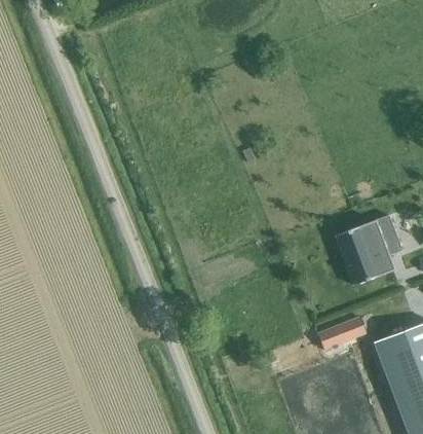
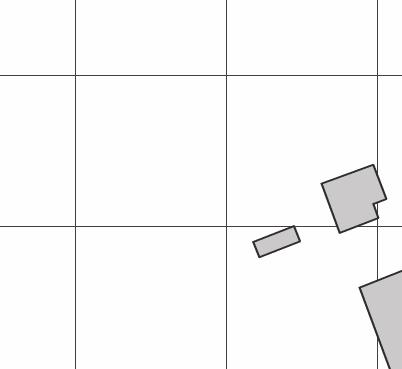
building: [318,317,367,349] -> [253,226,300,257]

